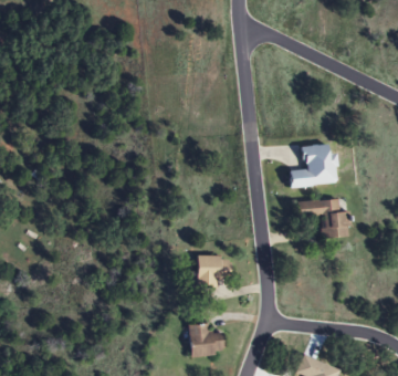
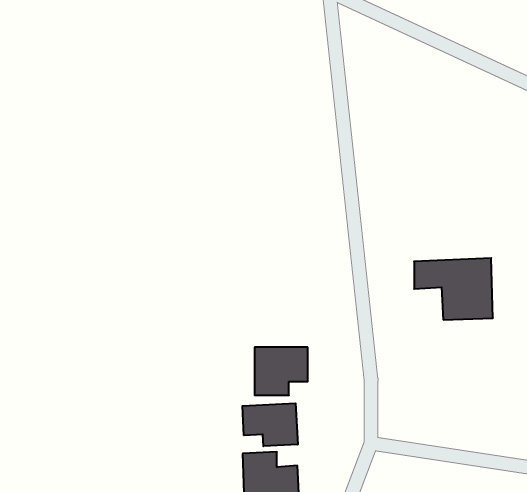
building: [286,143,336,187] -> none
building: none -> [242,403,298,446]

